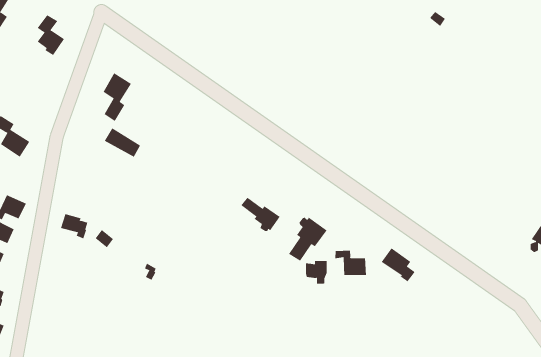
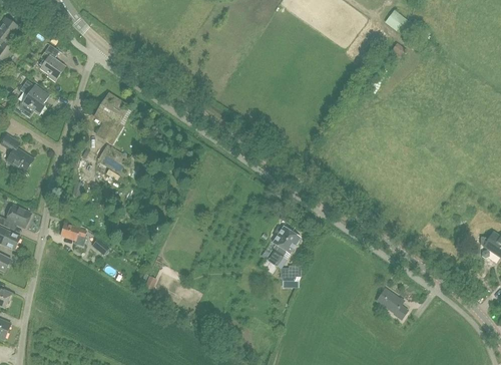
building: none -> [20,78,49,116]
building: [240,197,281,232] -> none
building: [381,247,416,282] -> [377,287,408,318]
building: [335,250,366,276] -> none

